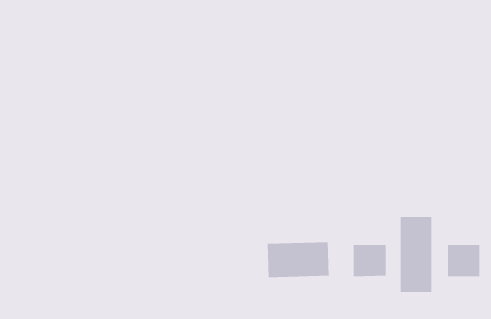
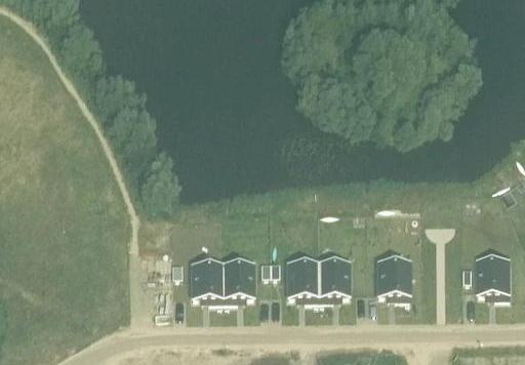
building: [400,216,432,293] -> none
building: none -> [187,258,253,297]

